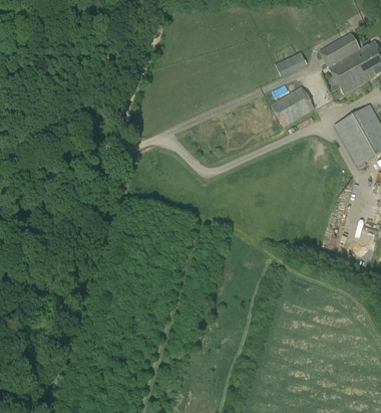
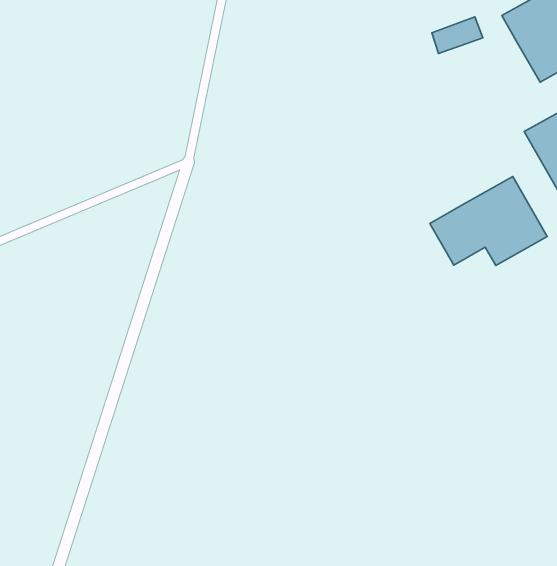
building: [270,86,315,127] -> none
building: none -> [430,176,547,266]

